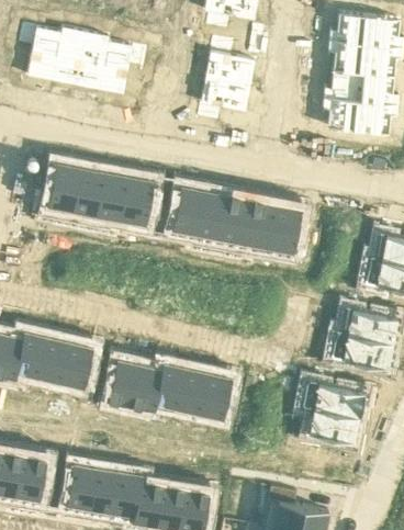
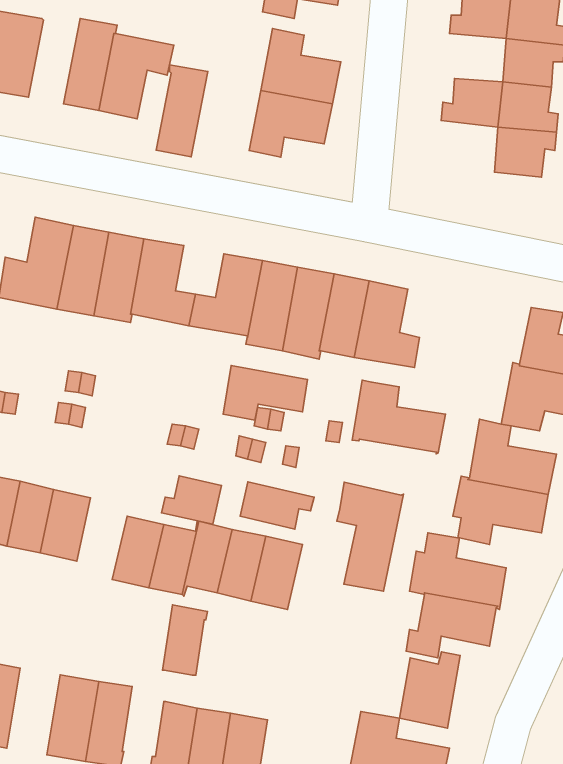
building: [52,26,86,87] -> [156,65,208,157]
building: [327,41,366,72] -> none
building: [322,98,360,132] -> none
building: none -> [223,365,308,420]
building: none -> [352,380,445,454]
building: none -> [161,476,222,524]
building: none -> [240,482,314,529]
building: none -> [337,482,403,591]
building: none -> [399,652,460,728]
building: [113,470,143,516] -> [163,605,208,675]

